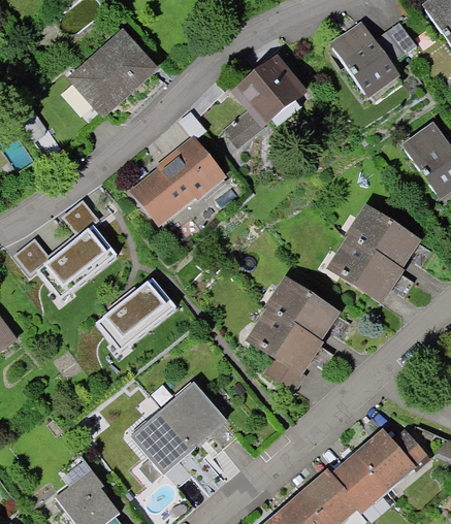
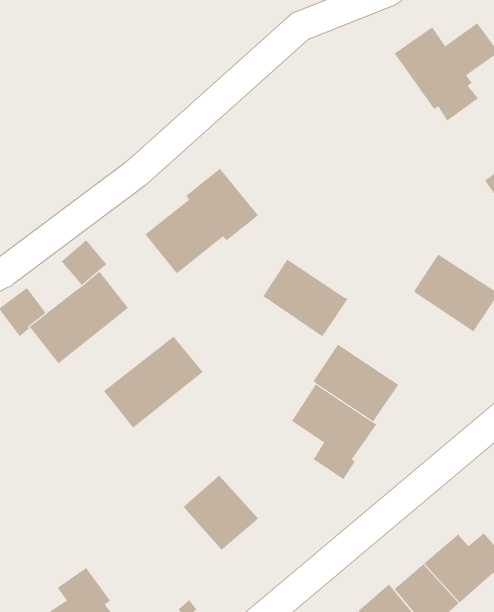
building: [71,34,157,114] -> none
building: [224,60,301,144] -> none
building: [329,239,398,302] -> [262,259,349,337]
building: [132,411,193,483] -> none

